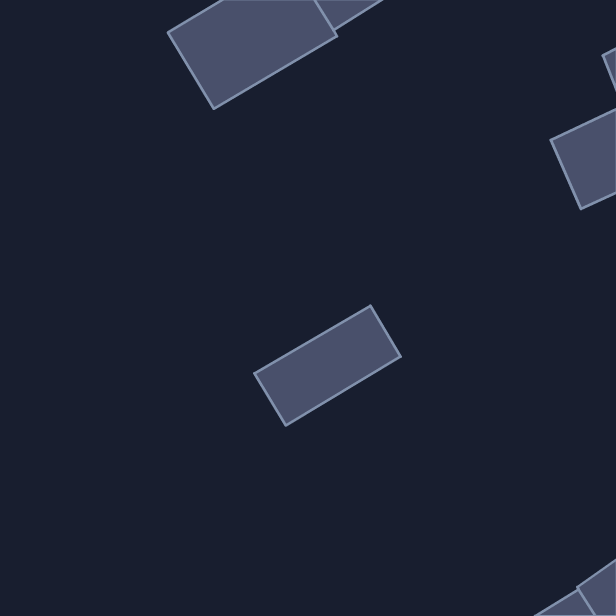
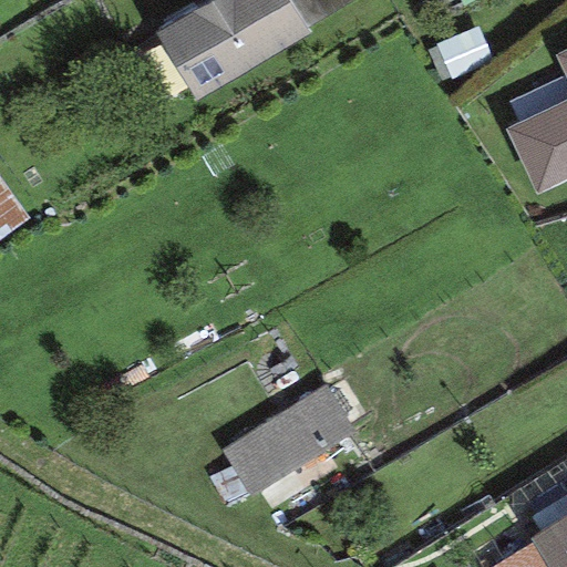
building: [254,306,401,425] -> [220,385,354,495]

